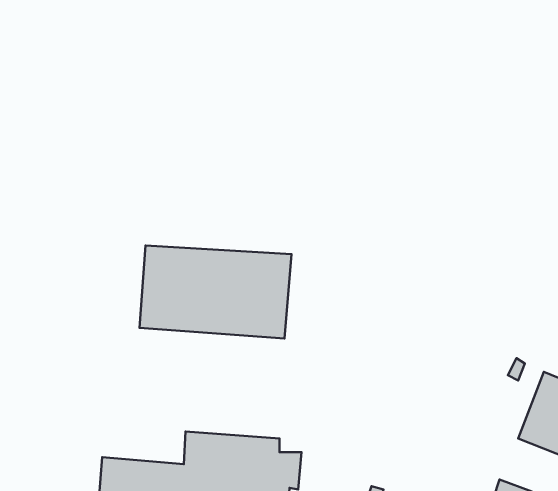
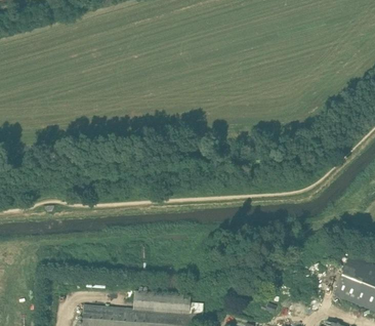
building: [140,246,291,338] -> none

